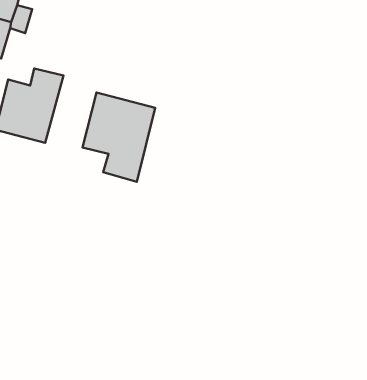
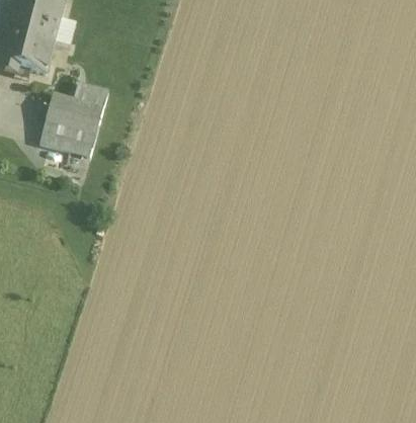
building: [82,93,155,182] -> none

